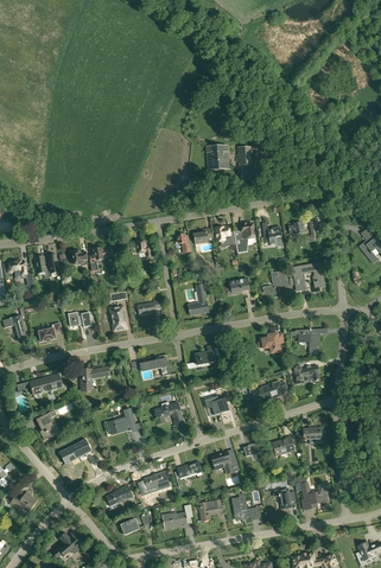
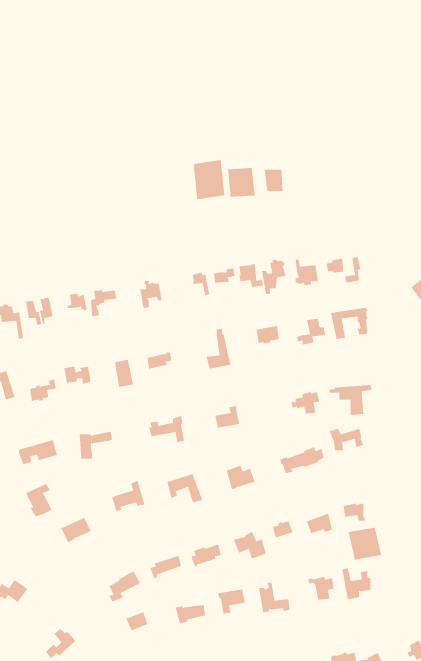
building: none -> [193,159,225,200]
building: none -> [348,527,382,560]

